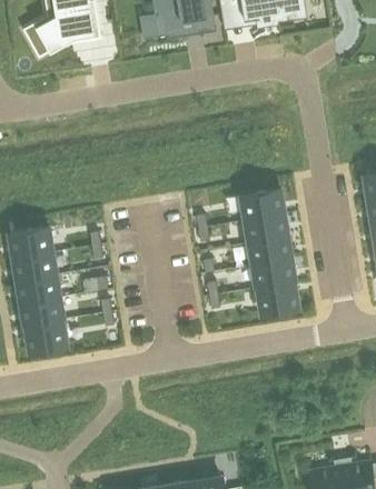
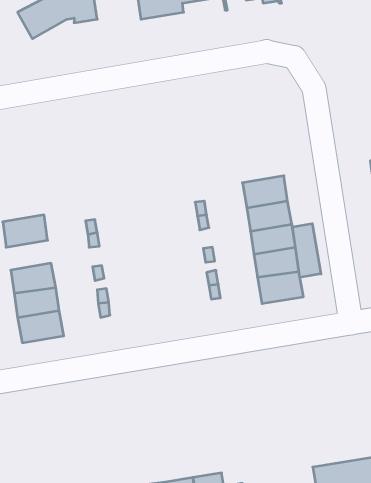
building: none -> [292,224,321,277]
building: [12,252,56,281] -> none

